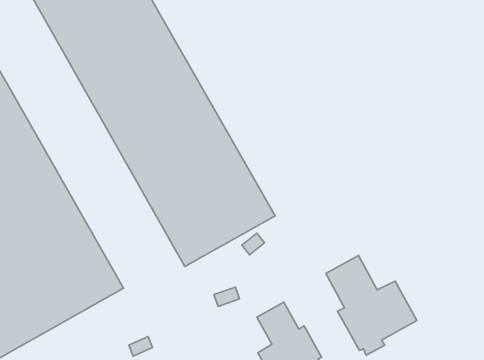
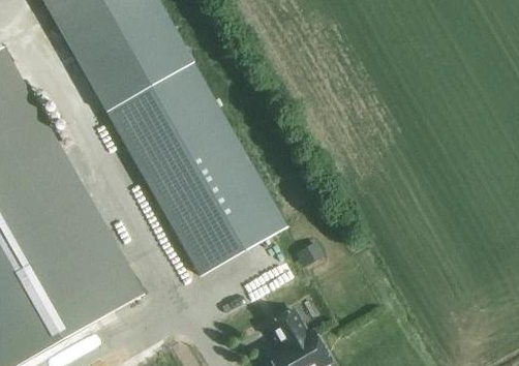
building: [326,256,417,355] -> none

